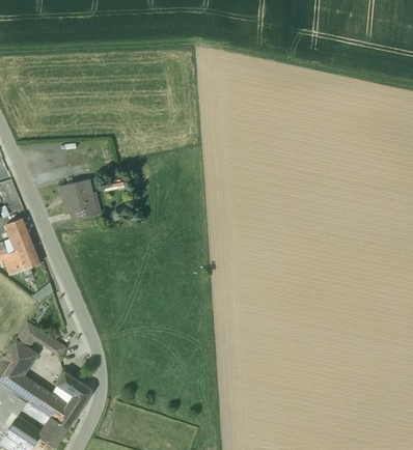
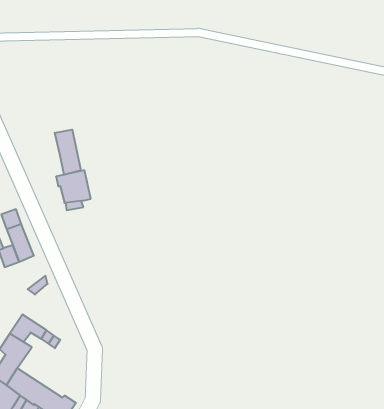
building: none -> [55,130,81,175]
building: [55,371,90,409] -> none

